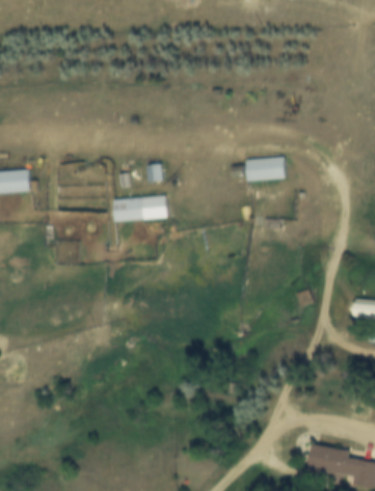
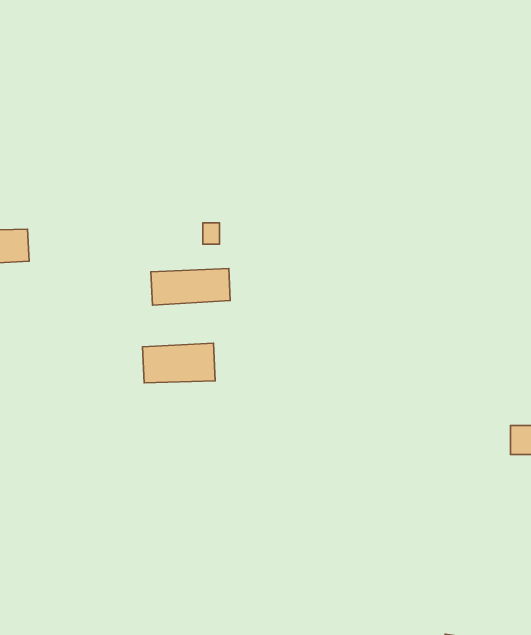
building: [246,158,285,181] -> none
building: none -> [143,343,215,383]

